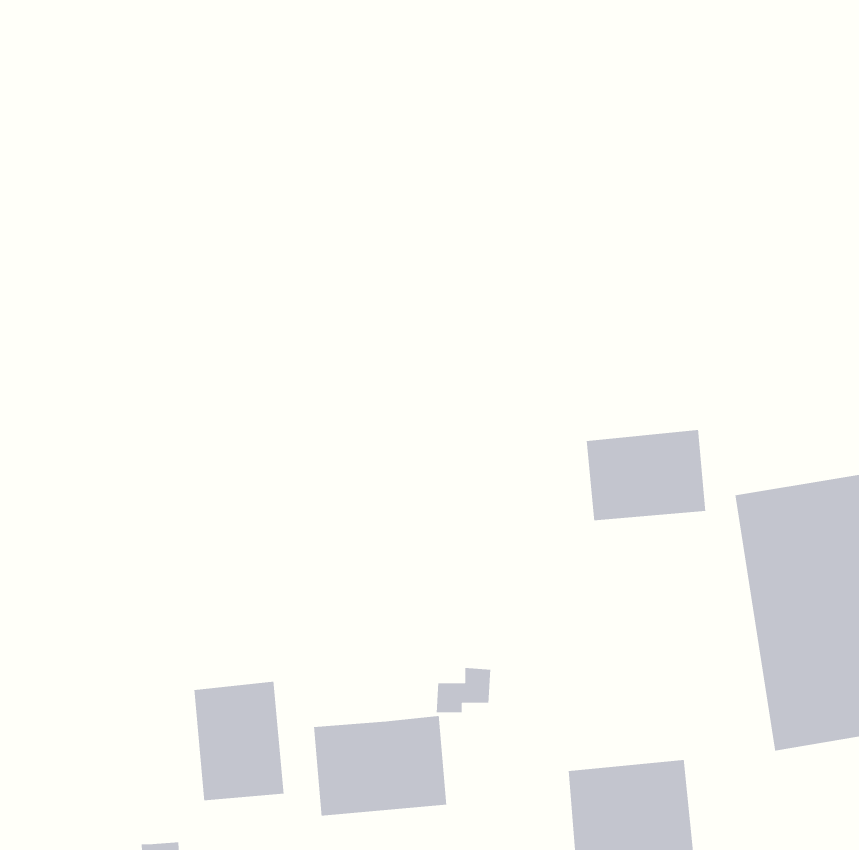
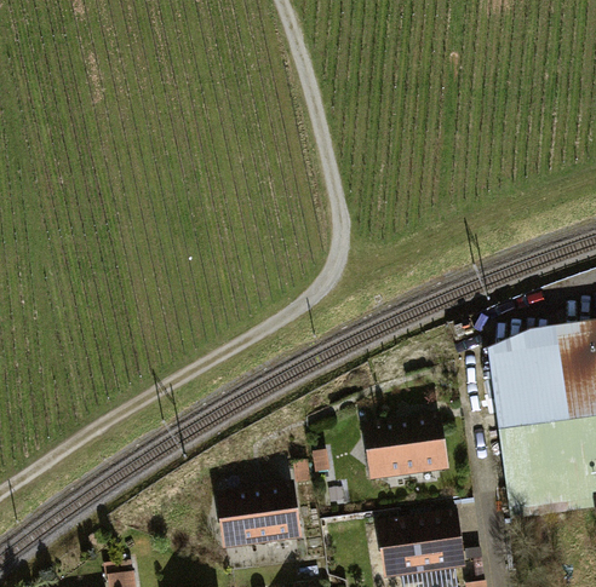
building: [586,429,706,521] -> [367,418,443,476]
building: [194,681,285,801] -> none

